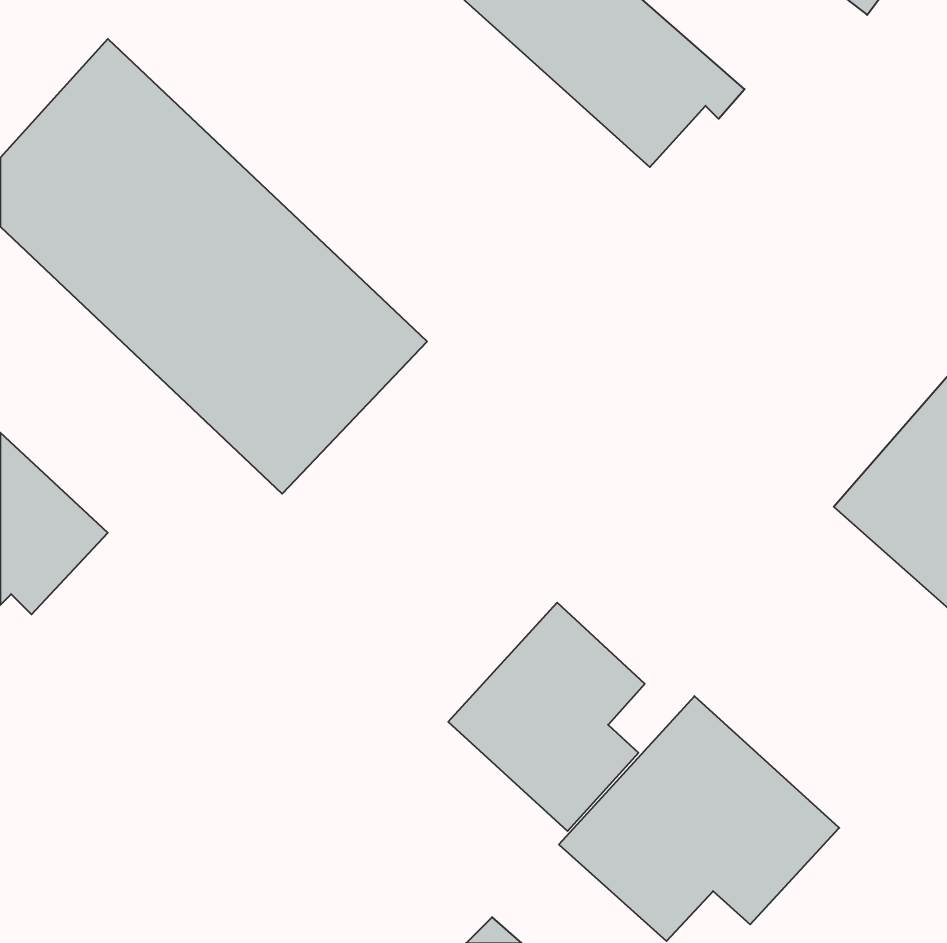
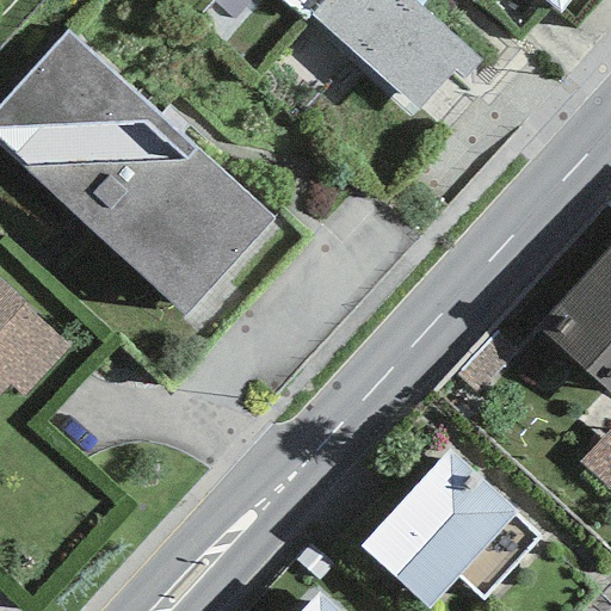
building: [448,603,645,831] -> none

